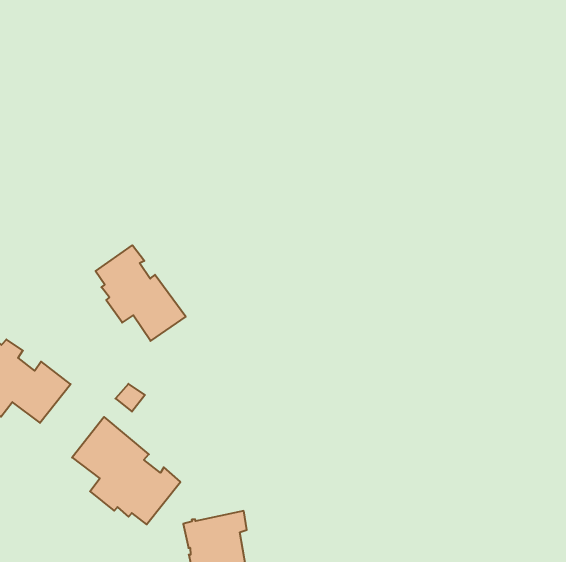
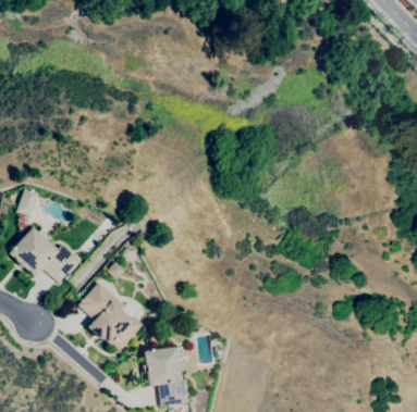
building: [96,245,186,341] -> none

